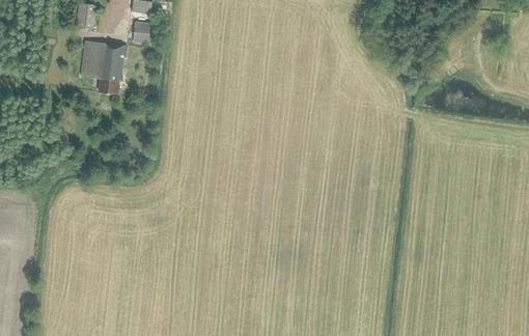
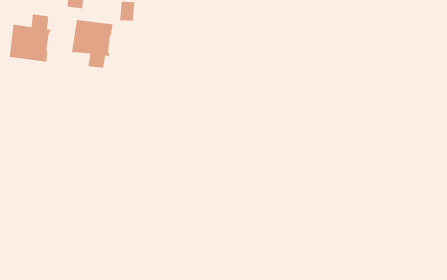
building: none -> [9,14,51,62]

